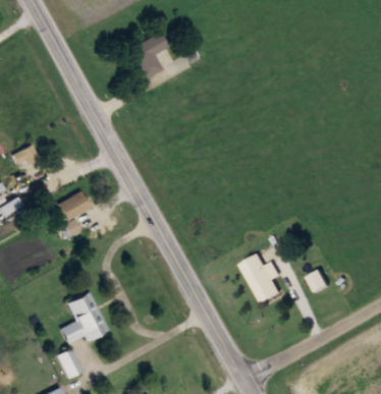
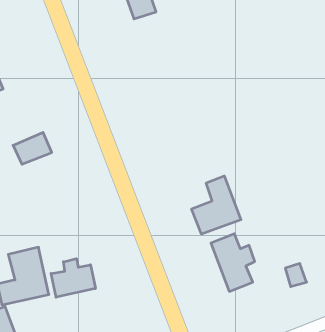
building: none -> [192,176,241,234]
building: none -> [51,259,95,297]

